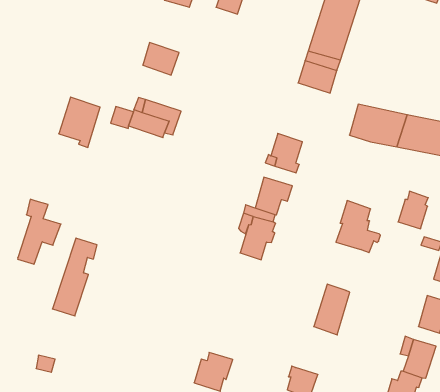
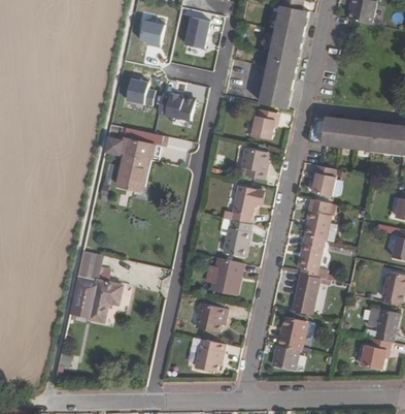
building: none -> [158,93,195,120]
building: none -> [251,109,276,138]
building: [59,97,100,147] -> [116,153,149,194]
building: [398,191,428,229] -> [310,165,334,196]
building: [18,199,61,264] -> [89,266,123,321]
building: none -> [297,234,325,275]
building: none -> [204,256,244,293]
building: none -> [195,301,228,330]
building: none -> [279,315,307,348]

